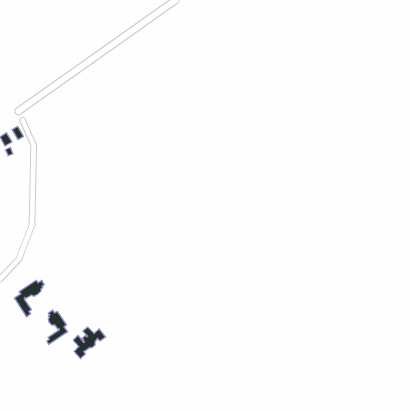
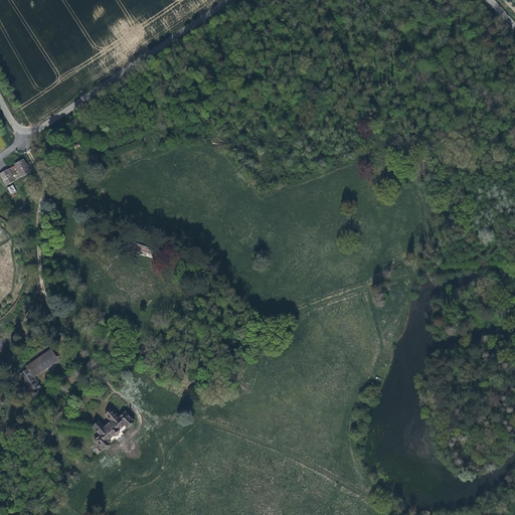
building: [47,310,68,345] -> none

